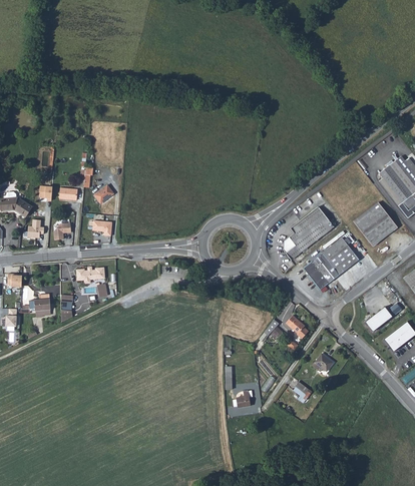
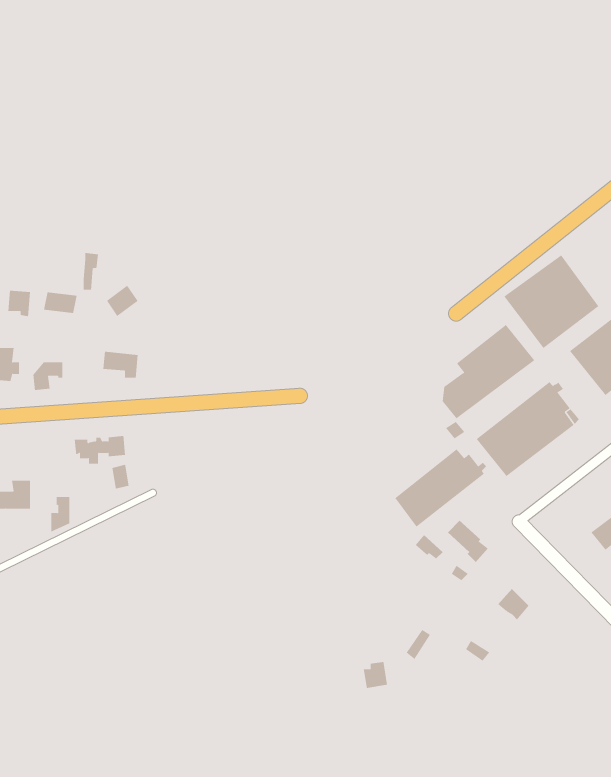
building: none -> [503,254,599,349]
building: none -> [394,449,487,527]

